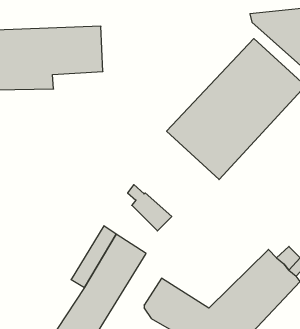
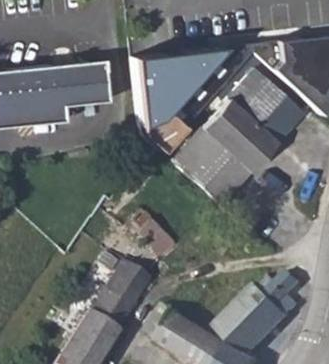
building: none -> [129,46,253,152]

